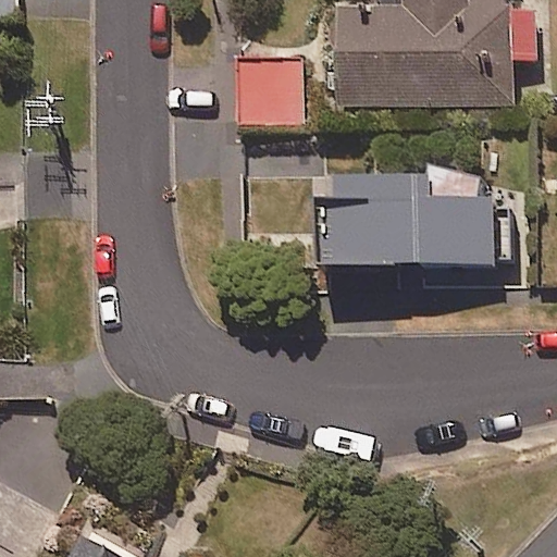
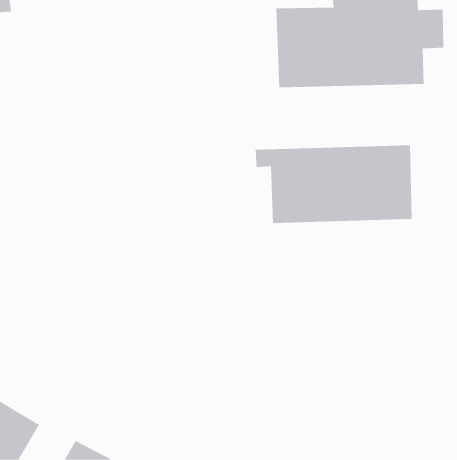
building: [237,57,298,122] -> none

